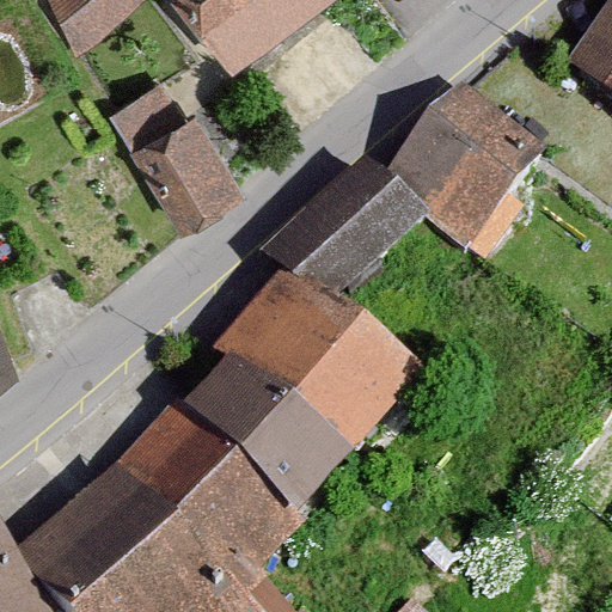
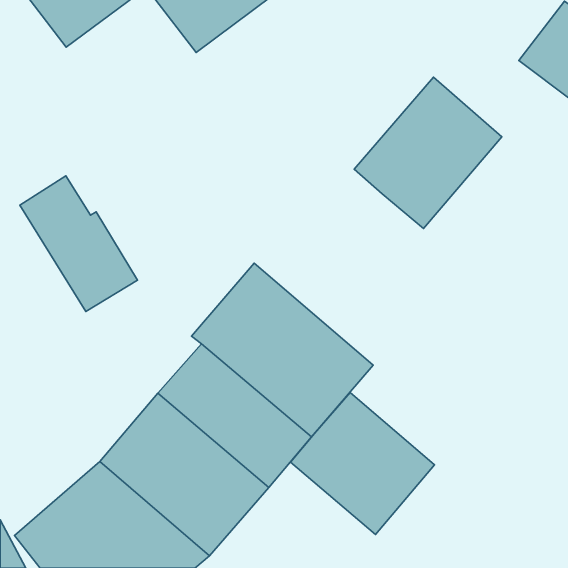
building: [117,85,243,230] -> [20,176,138,312]
building: [262,159,412,317] -> none
building: none -> [290,392,434,534]

